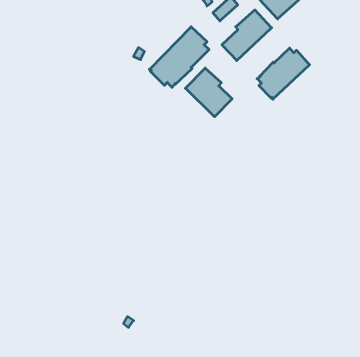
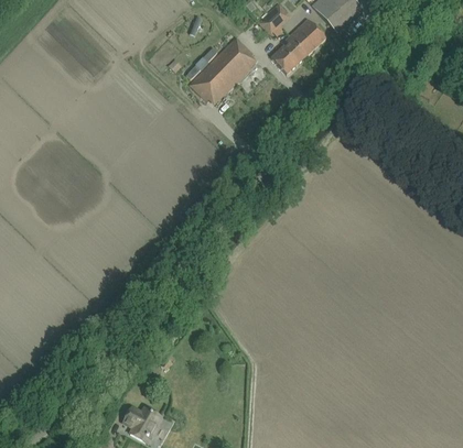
building: [257,48,310,99] -> none
building: [185,68,232,117] -> none

